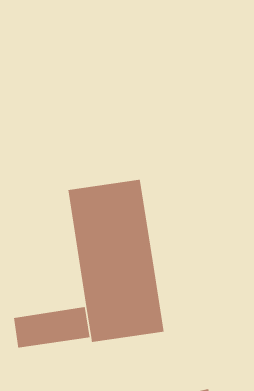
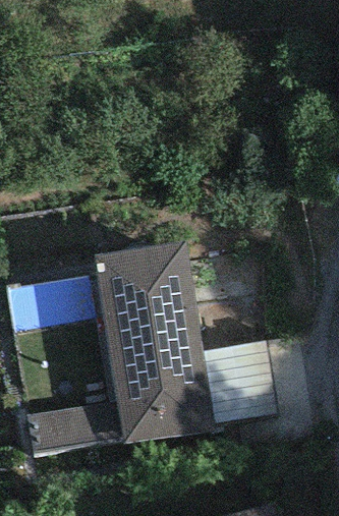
building: none -> [203,341,276,422]

